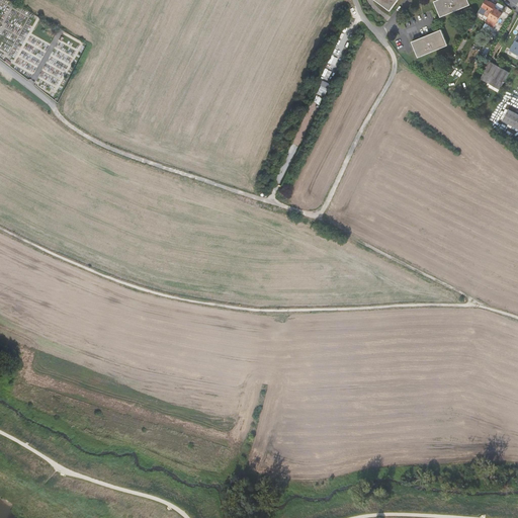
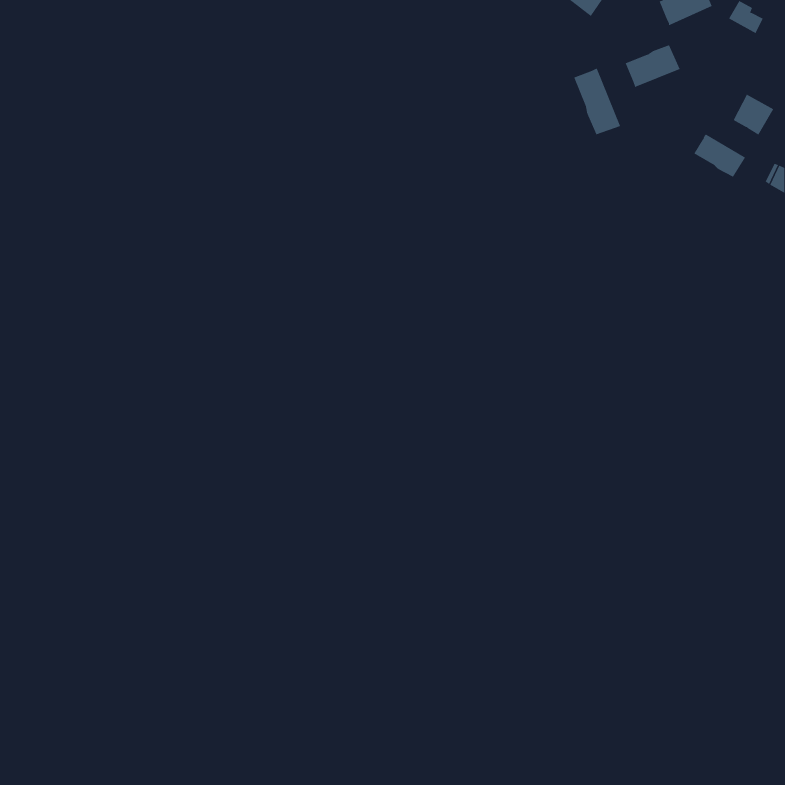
building: none -> [573,67,621,135]
building: none -> [694,133,746,178]

